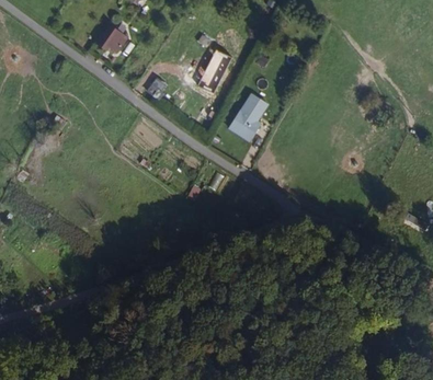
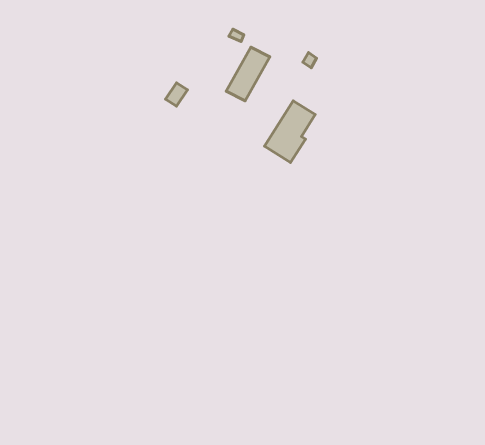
building: [101,26,130,54] -> none

